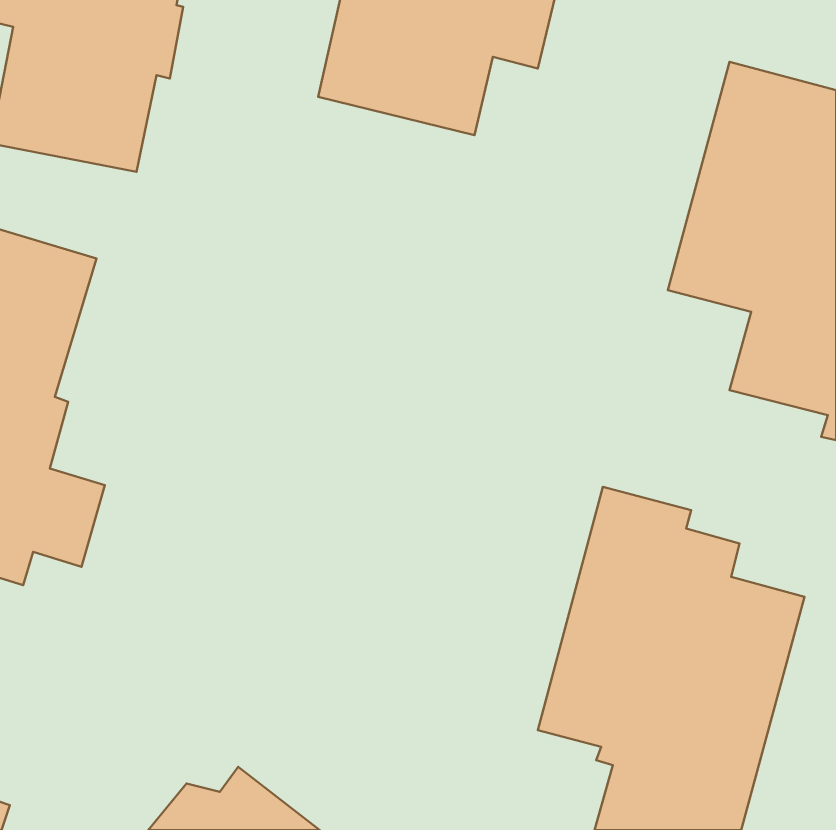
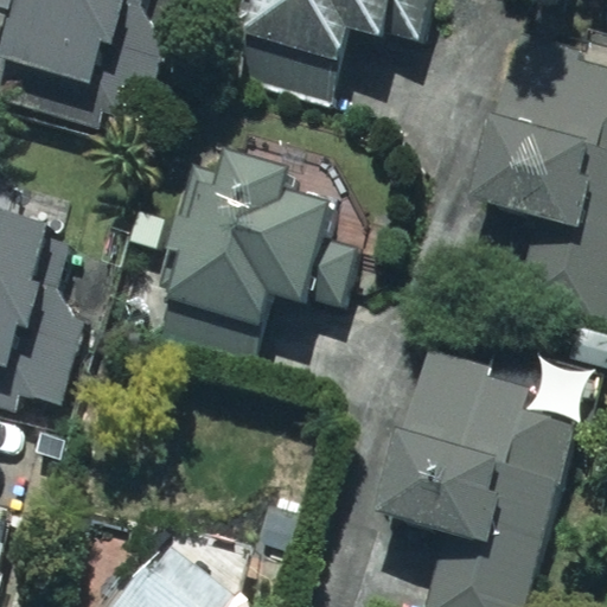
building: none -> [155,146,339,369]

